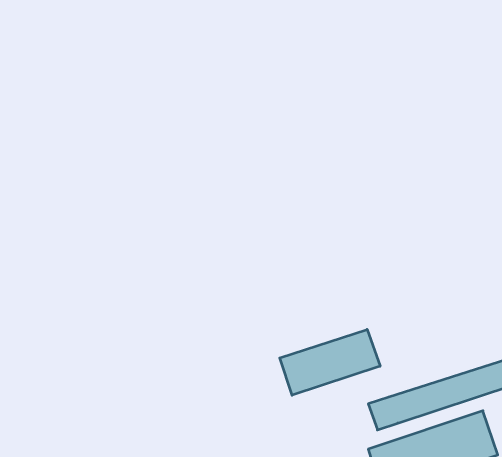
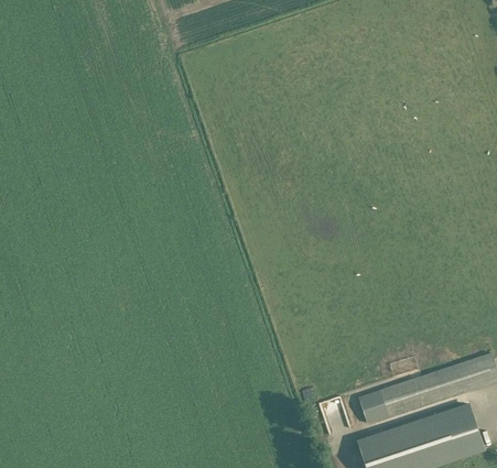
building: [280,329,380,395] -> none

